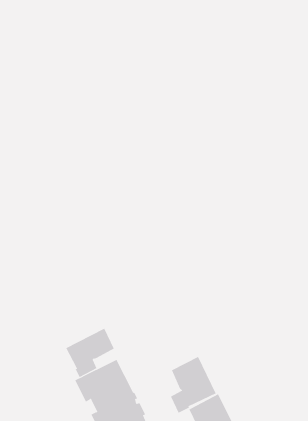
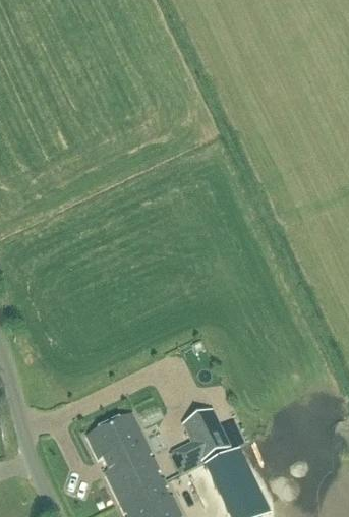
building: [66,328,115,378] -> none

